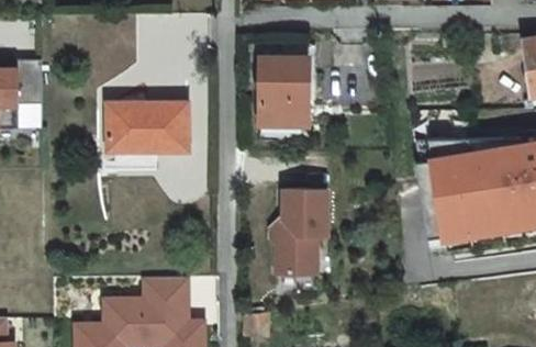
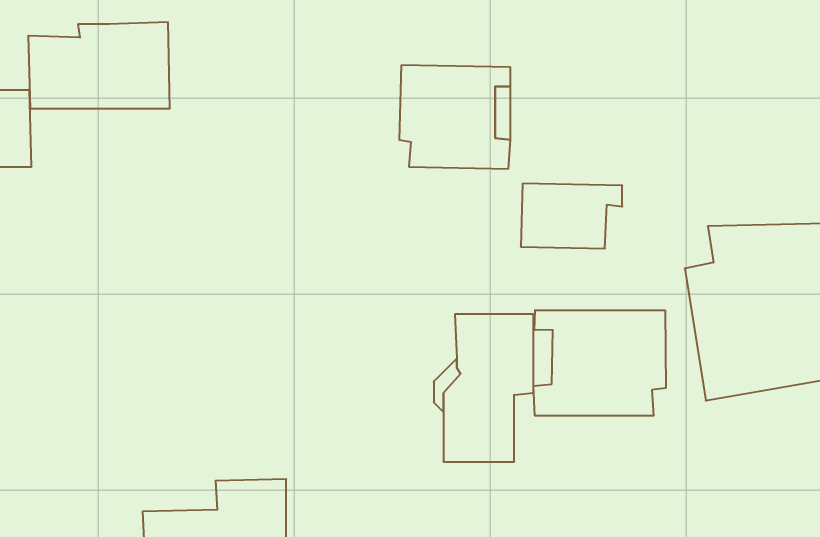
building: [105,101,187,150] -> [28,22,170,108]
building: [256,104,314,142] -> [521,184,622,249]
building: none -> [533,310,666,416]

